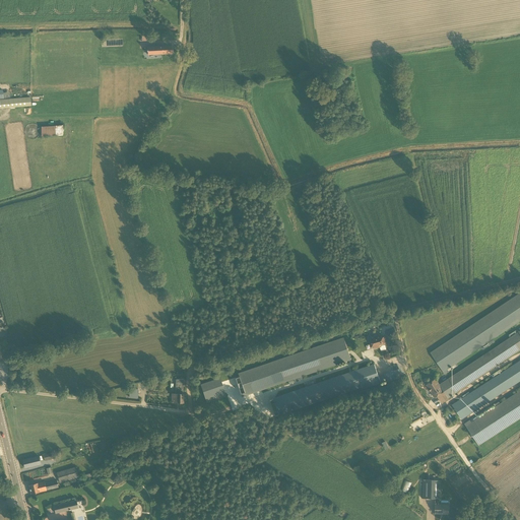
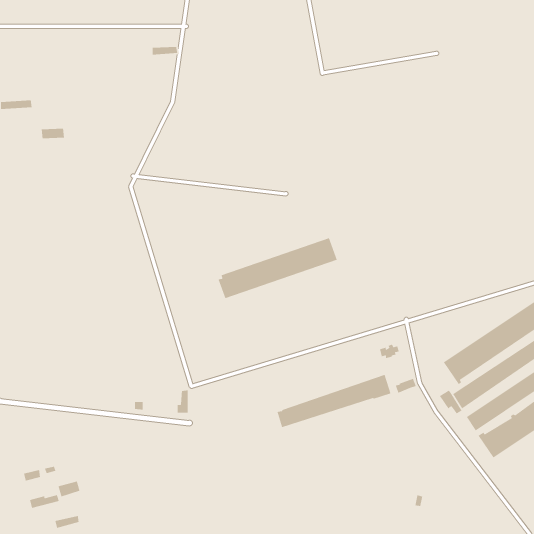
building: [236,336,352,396] -> [217,237,338,299]
building: [201,377,228,402] -> none
building: [422,478,449,513] -> none

